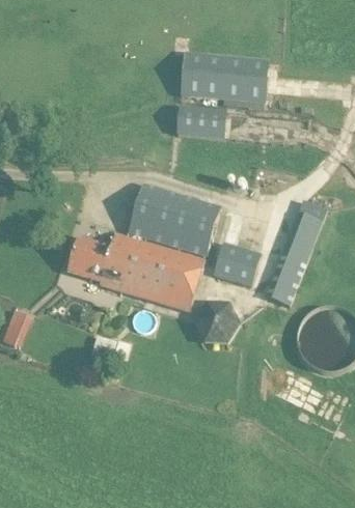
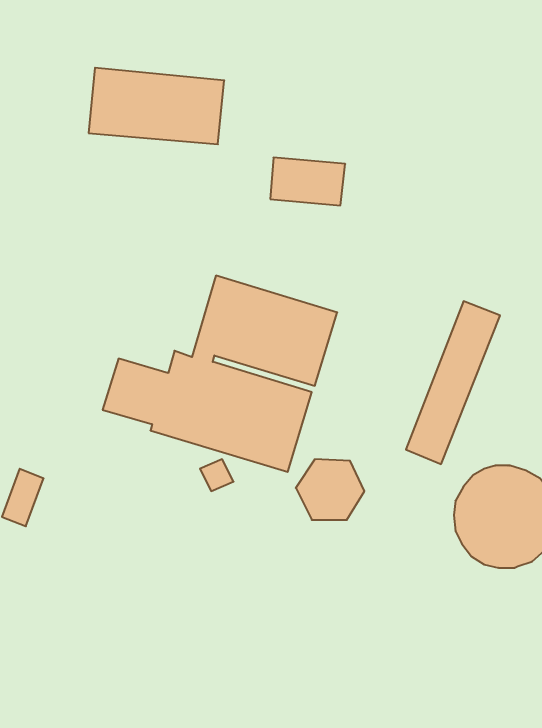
building: [180,52,268,102] -> [89,68,224,144]
building: [213,243,260,285] -> none

